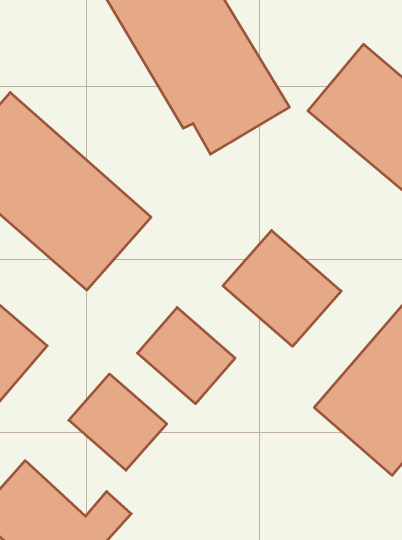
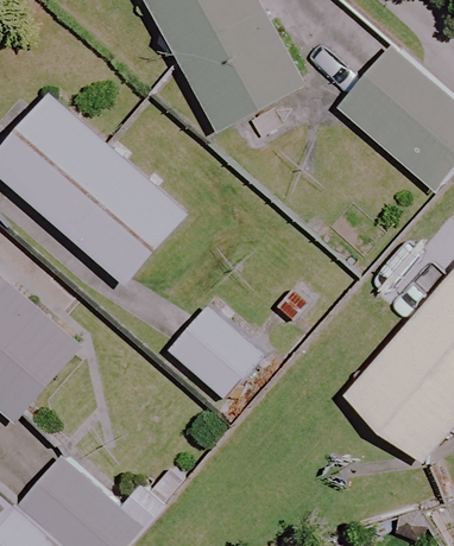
building: [223,230,341,346] -> none
building: [69,374,167,470] -> none

